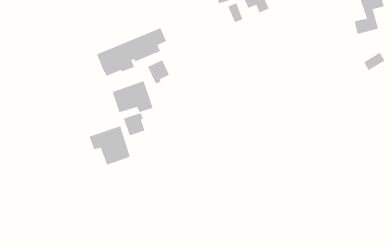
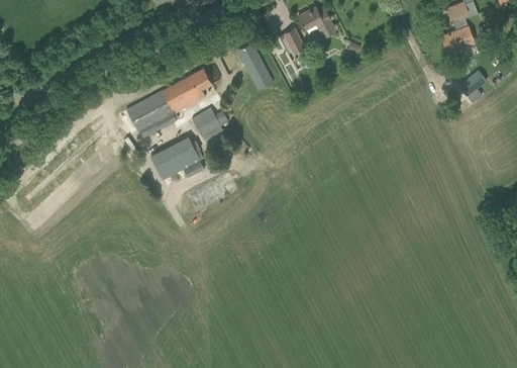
building: none -> [237,42,273,90]
building: [123,113,145,136] -> none
building: [89,125,131,166] -> none

